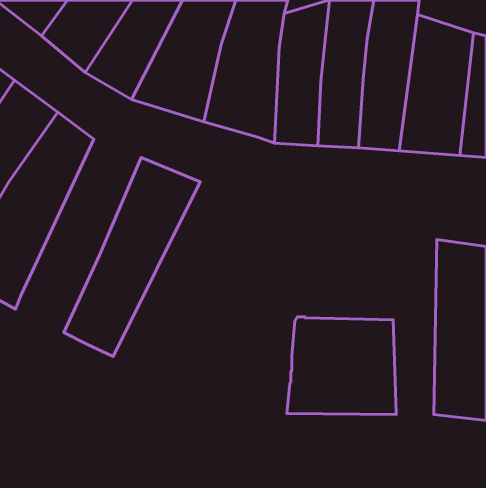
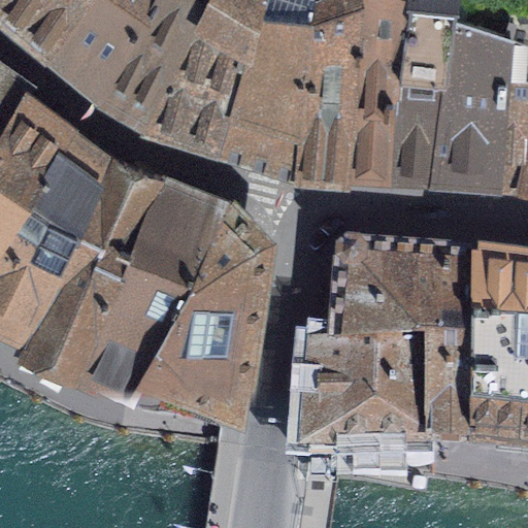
building: none -> [16,155,151,361]
building: none -> [121,200,252,426]
building: none -> [326,255,466,449]

